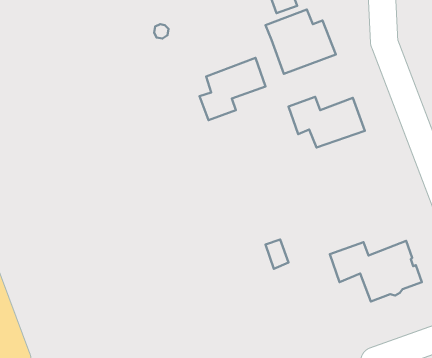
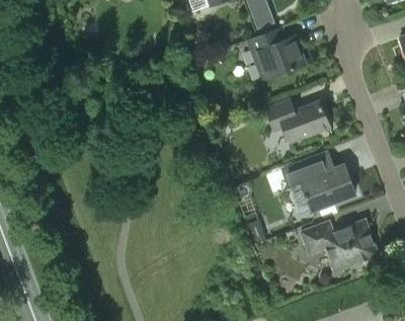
building: [199,58,266,120] -> none
building: none -> [284,157,354,210]

